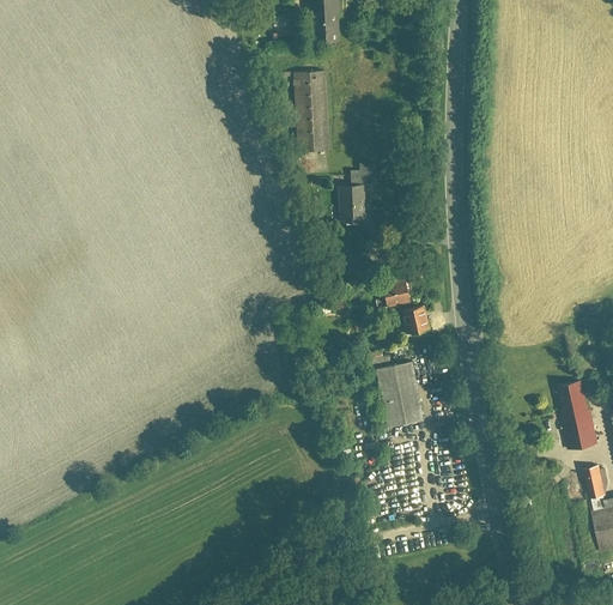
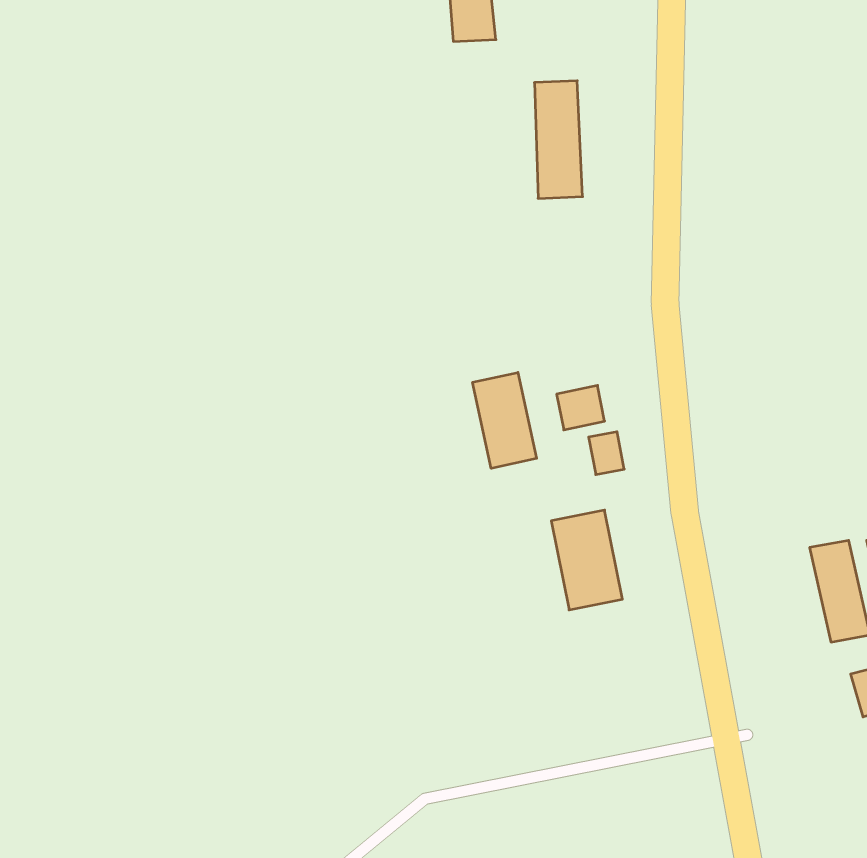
building: [297,69,329,149] -> [534,81,583,198]
building: [341,184,365,224] -> none
building: none -> [473,372,537,468]

